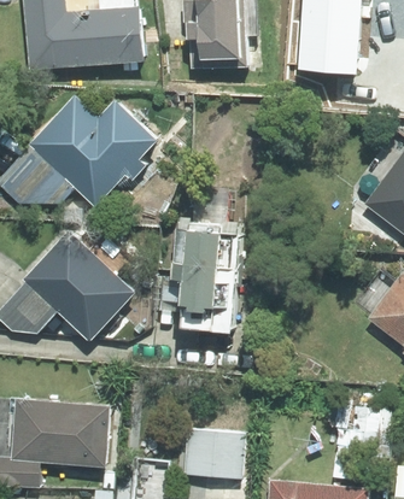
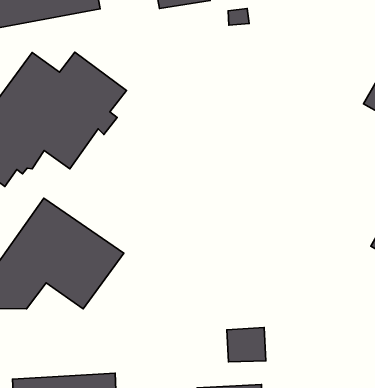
building: [171,231,218,313] -> none

